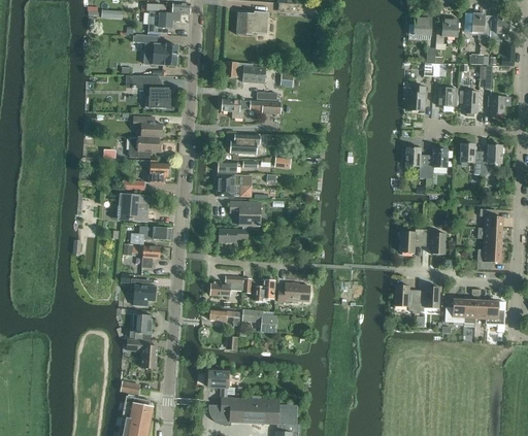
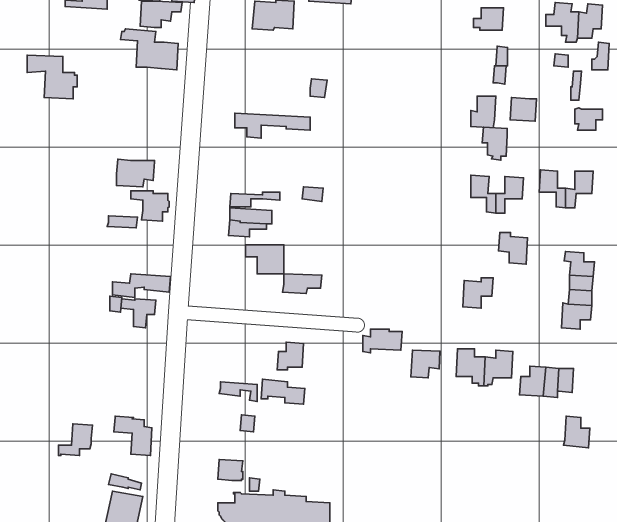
building: [436,16,459,42] -> none
building: [225,61,266,82] -> none
building: [131,74,170,108] -> [27,55,77,99]
building: [459,90,478,115] -> [482,127,507,160]
building: [133,114,162,137] -> none
building: [229,133,260,154] -> none
building: [118,192,150,222] -> none
building: [218,227,249,242] -> [282,274,322,294]
building: [423,228,446,253] -> [499,232,528,264]
building: [121,272,156,305] -> none
building: [210,276,243,295] -> none
building: [278,282,309,301] -> [363,329,402,353]
building: none -> [411,350,440,378]
building: [485,299,505,324] -> [564,416,590,448]
building: [126,312,153,337] -> [58,424,93,456]

